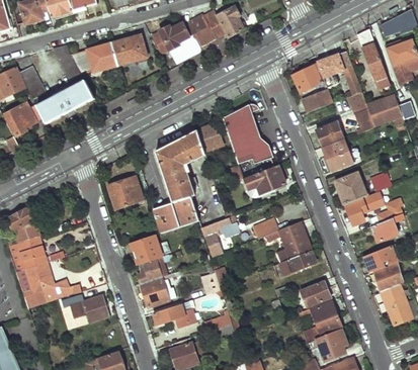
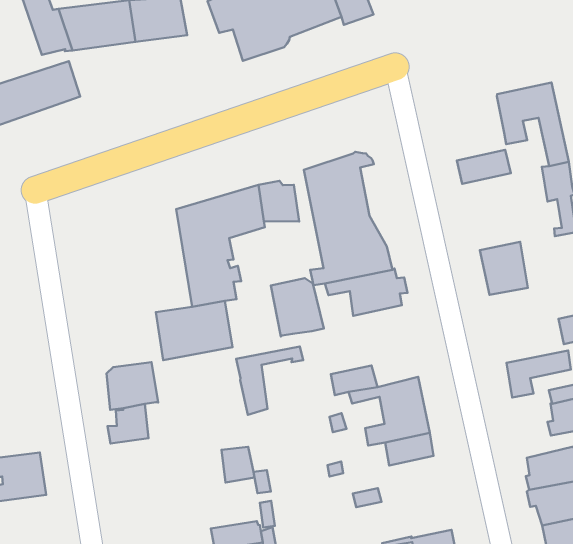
building: [294,62,326,93] -> none
building: [317,121,344,147] -> none
building: [336,171,367,203] -> none
building: [107,176,144,208] -> none
building: none -> [271,278,324,337]
building: [140,272,175,306] -> none
building: [300,280,330,306] -> none
building: [150,300,195,328] -> none

